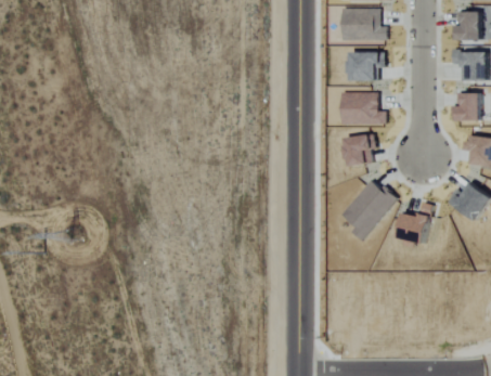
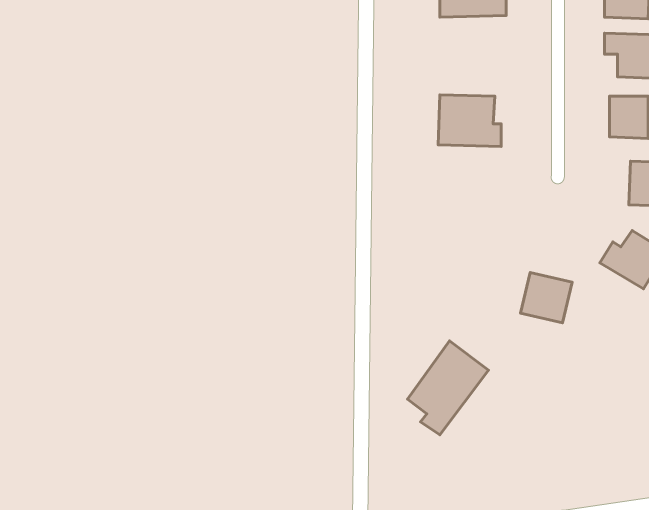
building: [344,52,385,80] -> none
building: [345,134,373,166] -> none
building: [340,179,395,242] -> [408,341,488,435]

